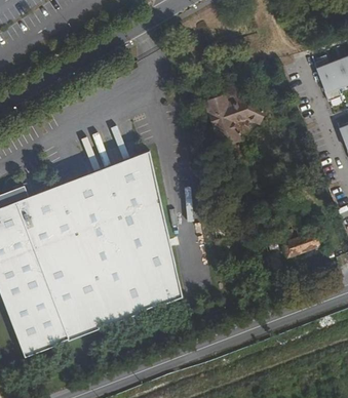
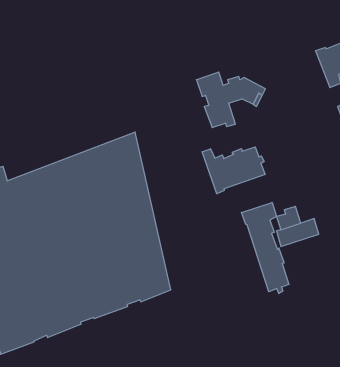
building: none -> [202,147,265,194]
building: none -> [241,202,289,294]

